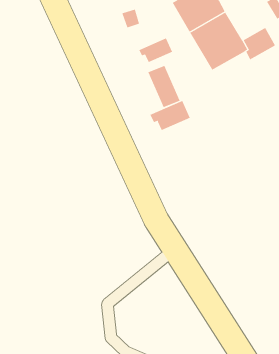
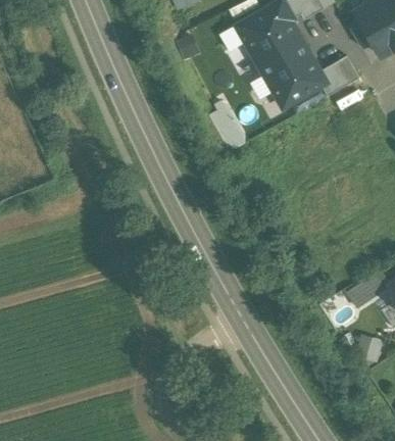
building: [138,37,173,63] -> none
building: [149,100,190,131] -> none

